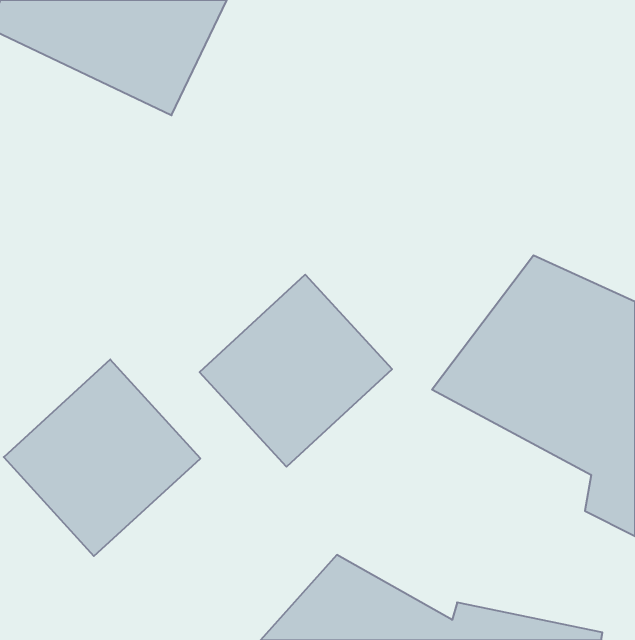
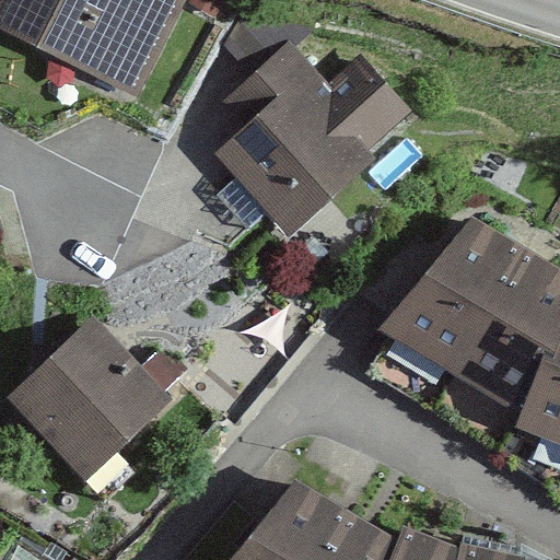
building: none -> [220,40,413,243]
building: [200,275,392,467] -> none

